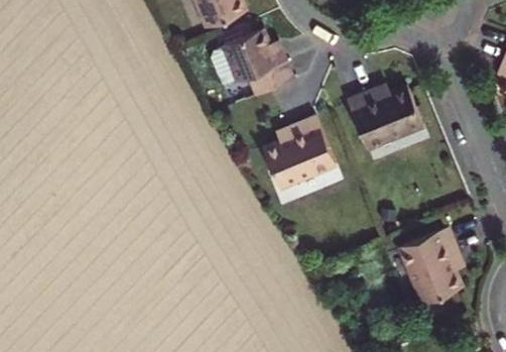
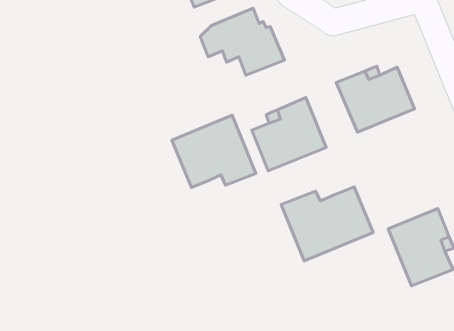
building: none -> [172,115,256,187]
building: none -> [281,187,373,261]

